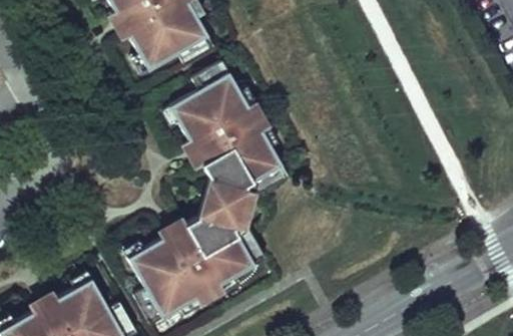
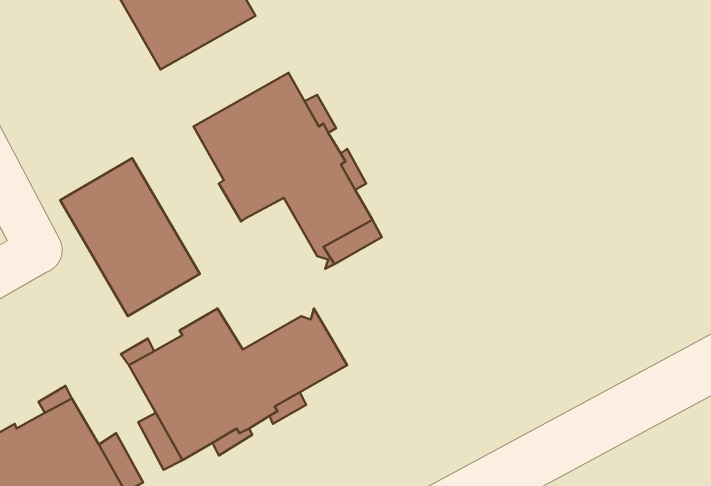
building: none -> [60,158,200,316]
building: [199,179,253,229] -> none

